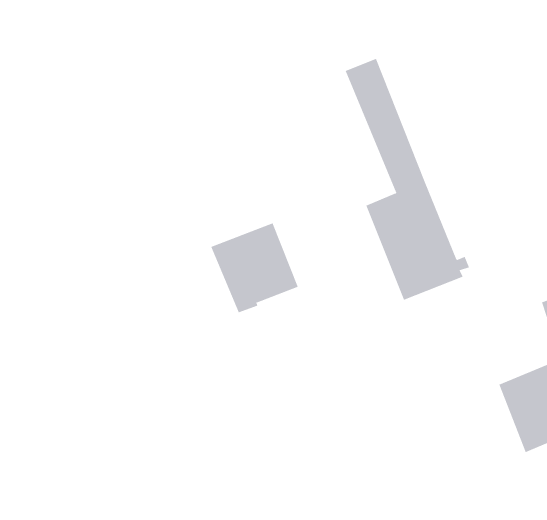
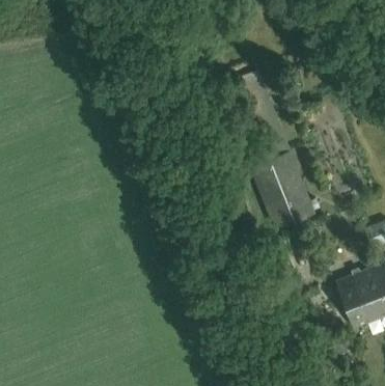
building: [210,223,299,313] -> none

